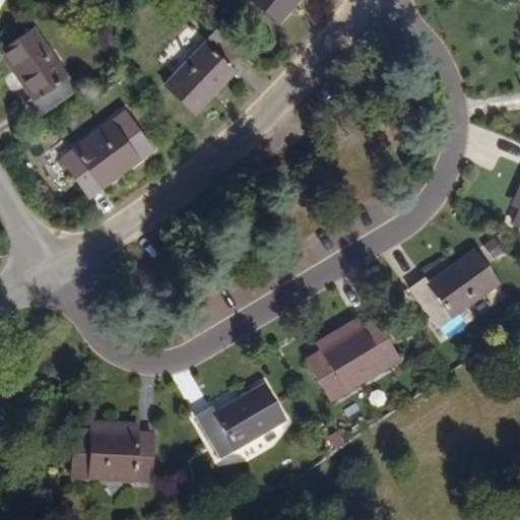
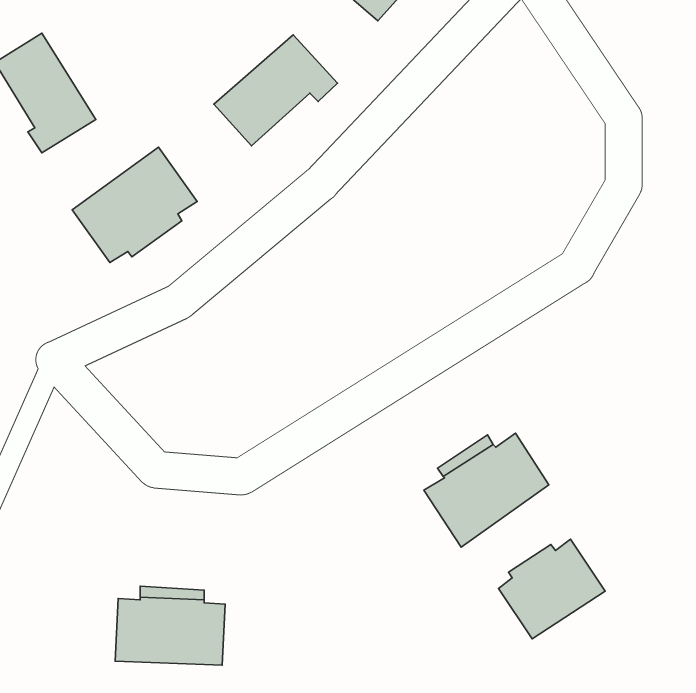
building: [411,252,502,327] -> none
building: [203,387,294,463] -> none
building: none -> [498,539,605,639]

